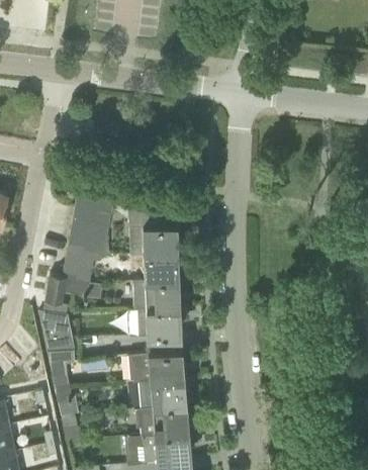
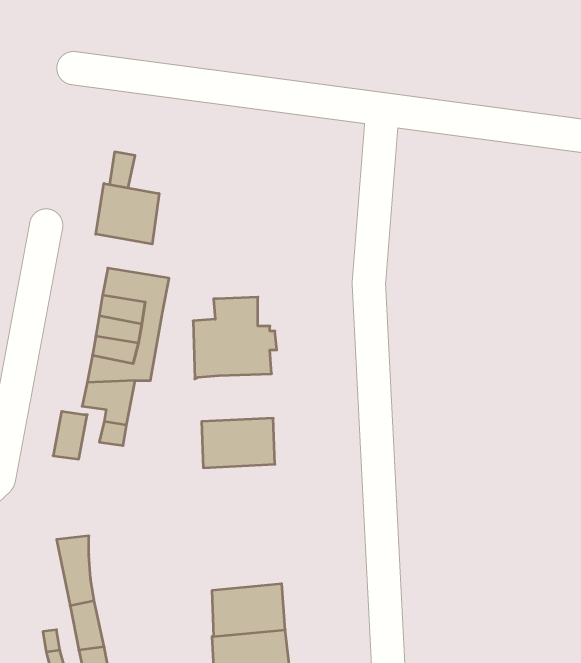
building: none -> [96,183,159,244]
building: [132,256,177,284] -> none
building: [129,309,179,339] -> none
building: [40,314,76,354] -> none
building: [129,353,182,385] -> none

